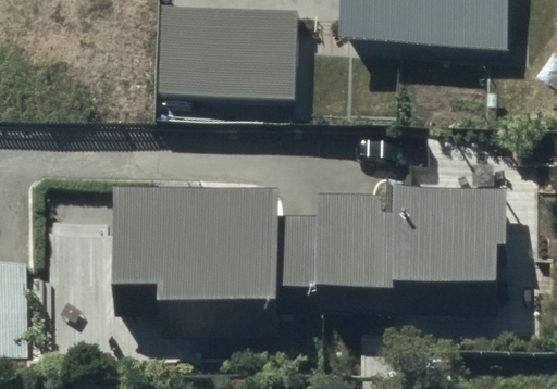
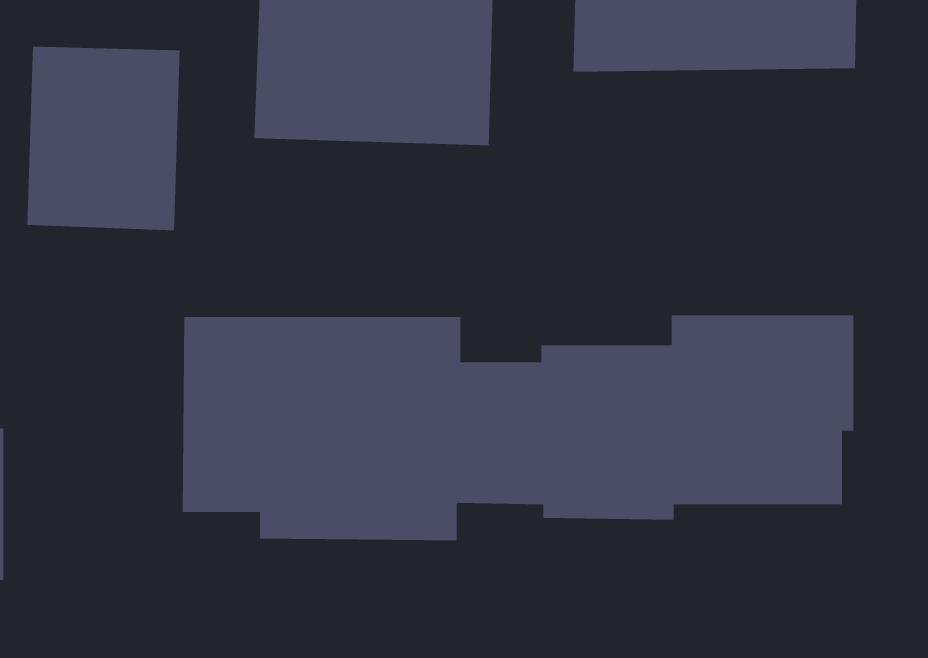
building: none -> [26,46,180,231]

